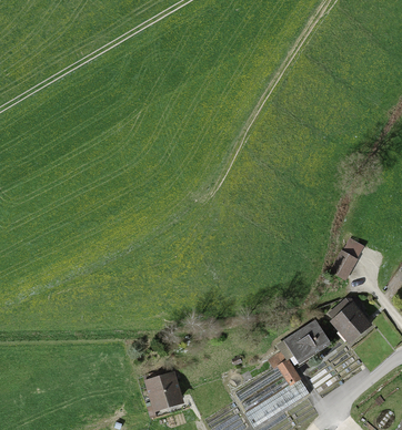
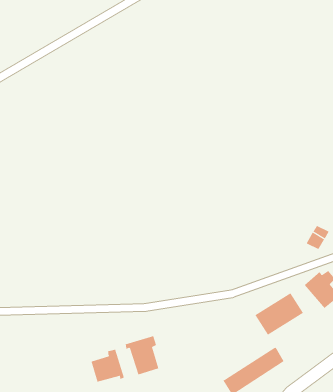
building: [235,355,300,412] -> none
building: none -> [91,349,124,383]

